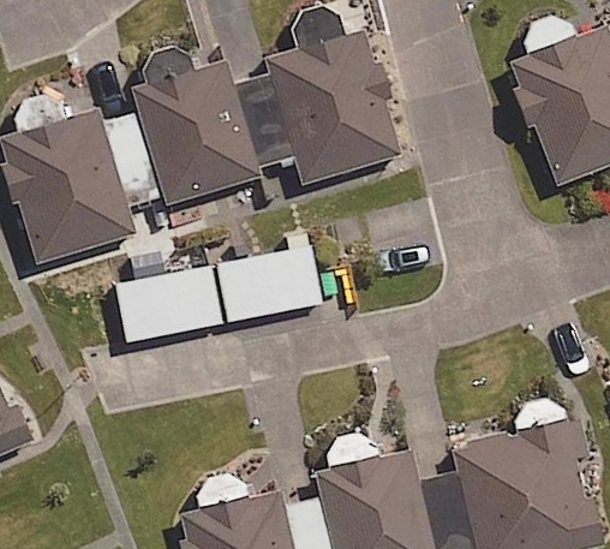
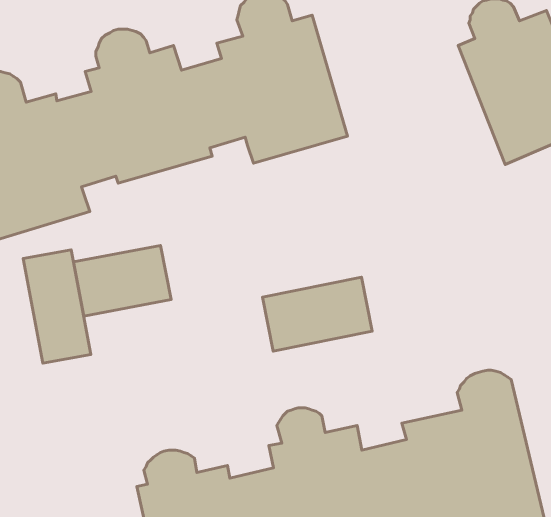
building: [208,247,319,323] -> [263,277,372,351]
building: none -> [23,250,91,363]

